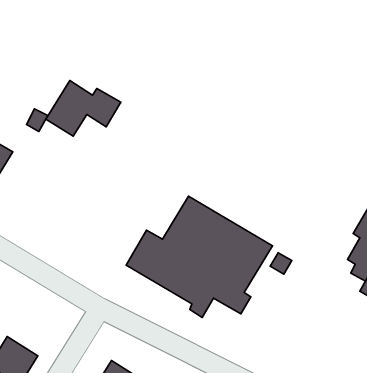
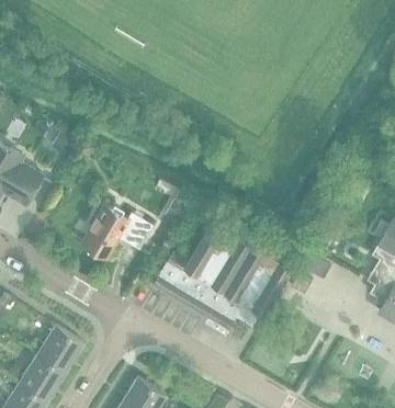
building: [46,80,121,136] -> [80,204,153,258]
building: none -> [36,326,83,373]

